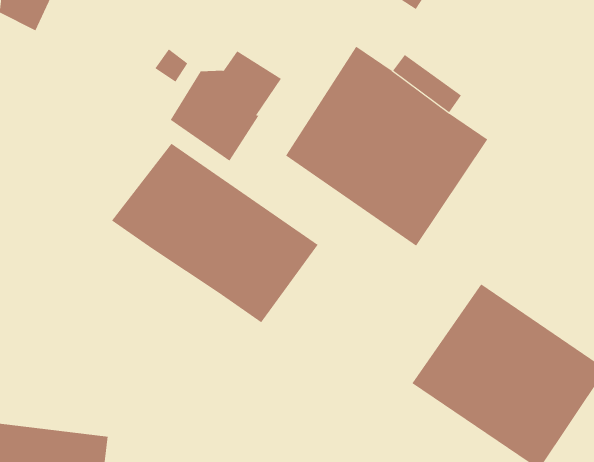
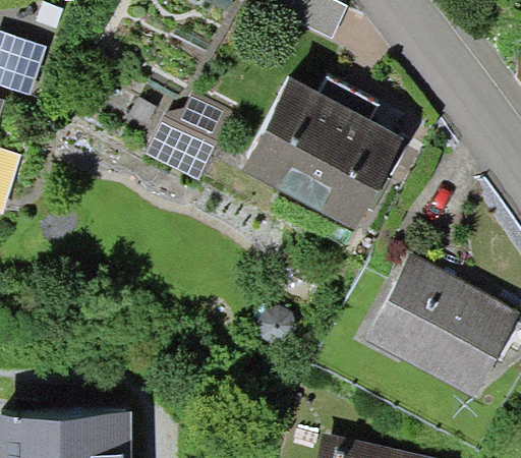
building: [111,143,319,323] -> none

